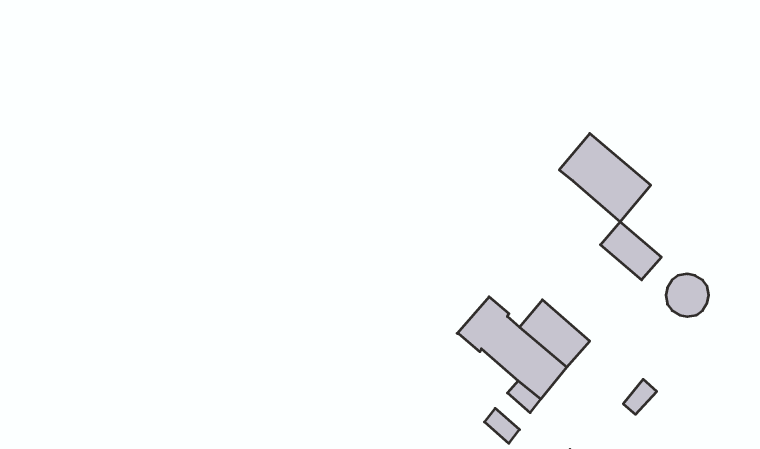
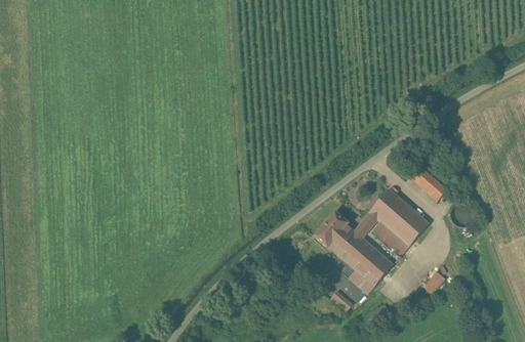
building: [559,133,651,222] -> [363,185,425,245]

